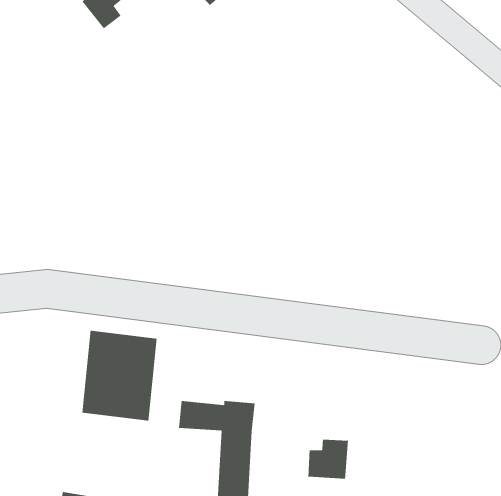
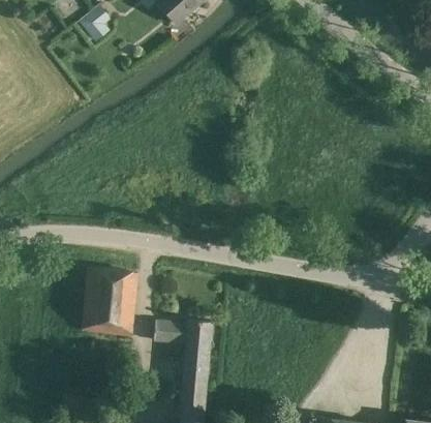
building: [308,439,348,479] -> none

